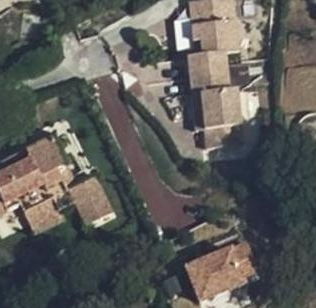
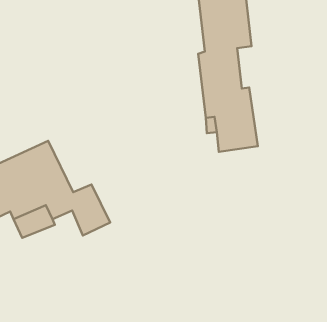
building: [183,237,257,295] -> none

